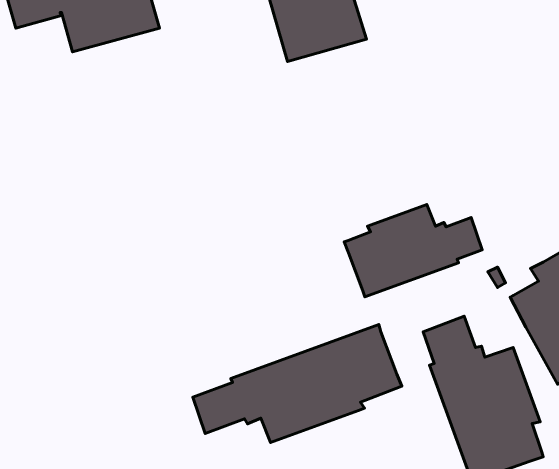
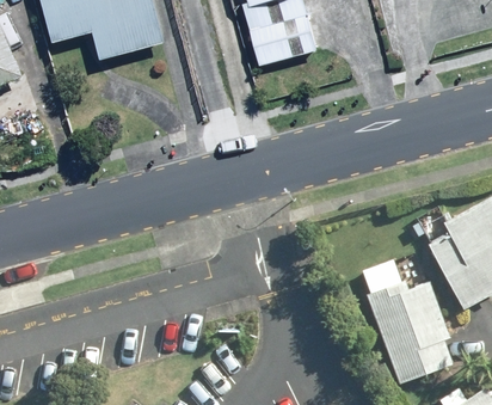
building: [344,204,482,297] -> none
building: [193,325,402,442] -> none

